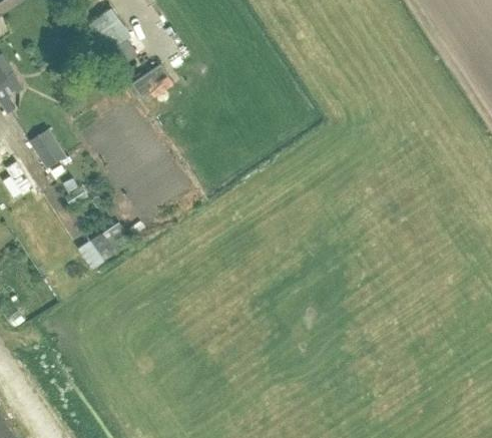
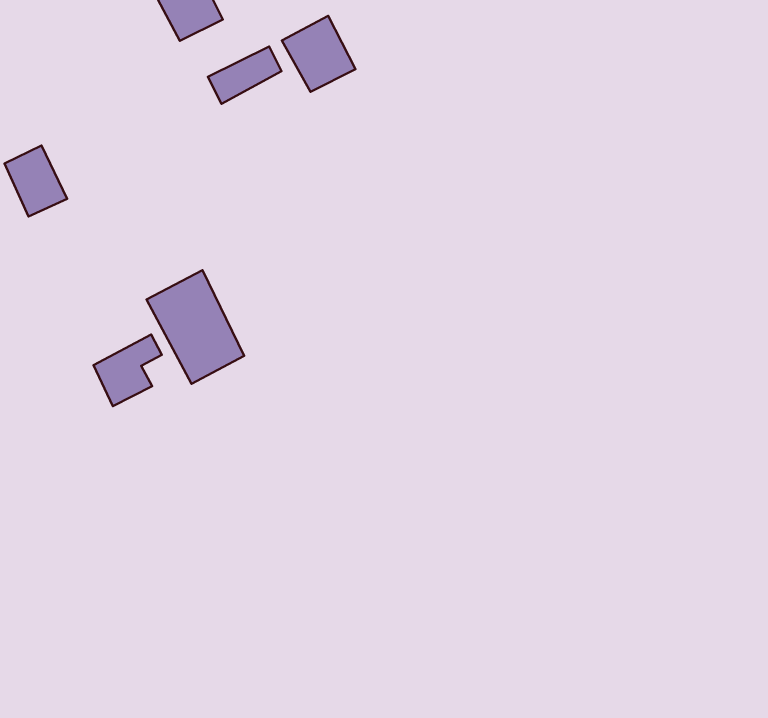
building: none -> [282,16,355,92]
building: none -> [147,270,244,384]

